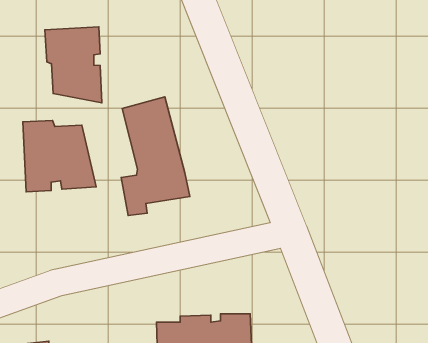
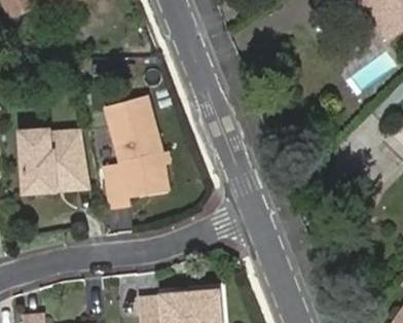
building: [45,27,102,103] -> none

